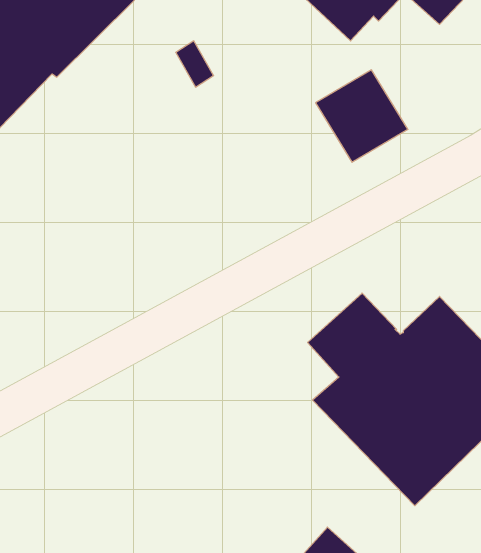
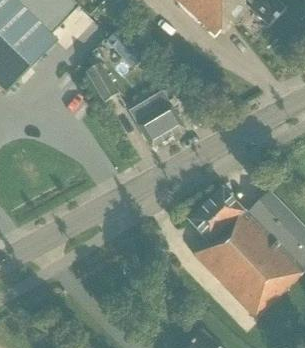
building: [316,70,408,162] -> [129,90,185,146]
building: none -> [86,61,120,101]

